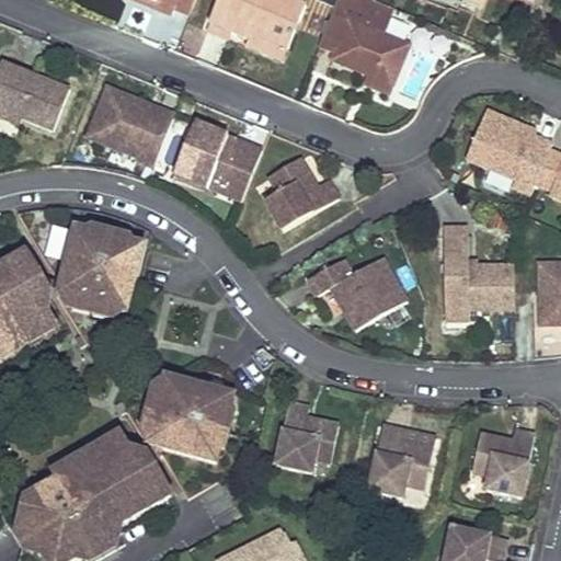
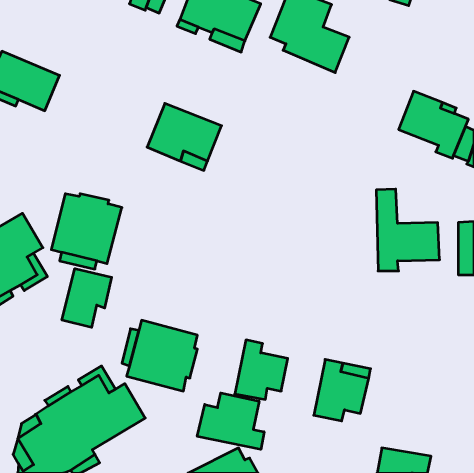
building: [84,87,174,165] -> none
building: [264,153,340,230] -> none
building: [309,253,407,325] -> none
building: none -> [62,269,112,327]
building: [472,427,535,494] -> none
building: none -> [197,393,264,449]

